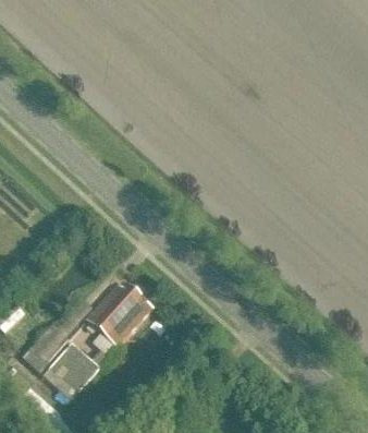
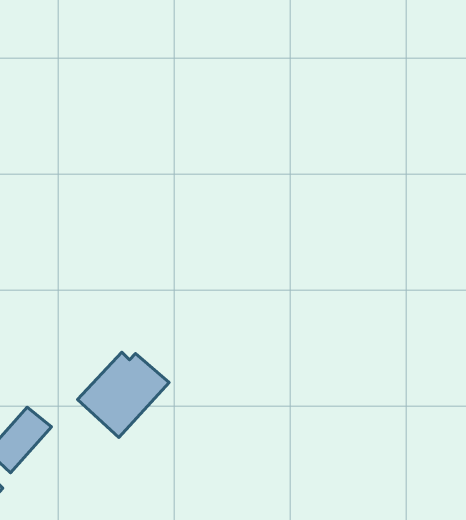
building: [47,333,114,394] -> none

